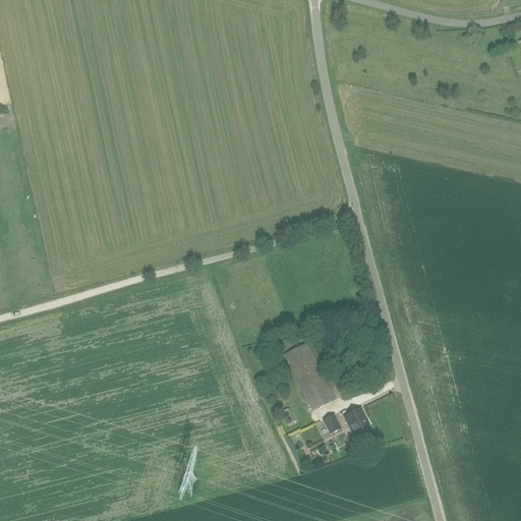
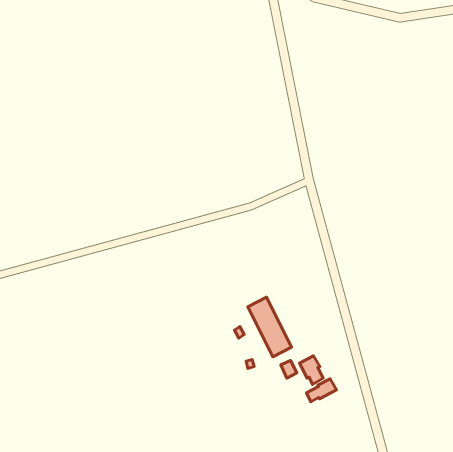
building: none -> [307,379,337,402]

